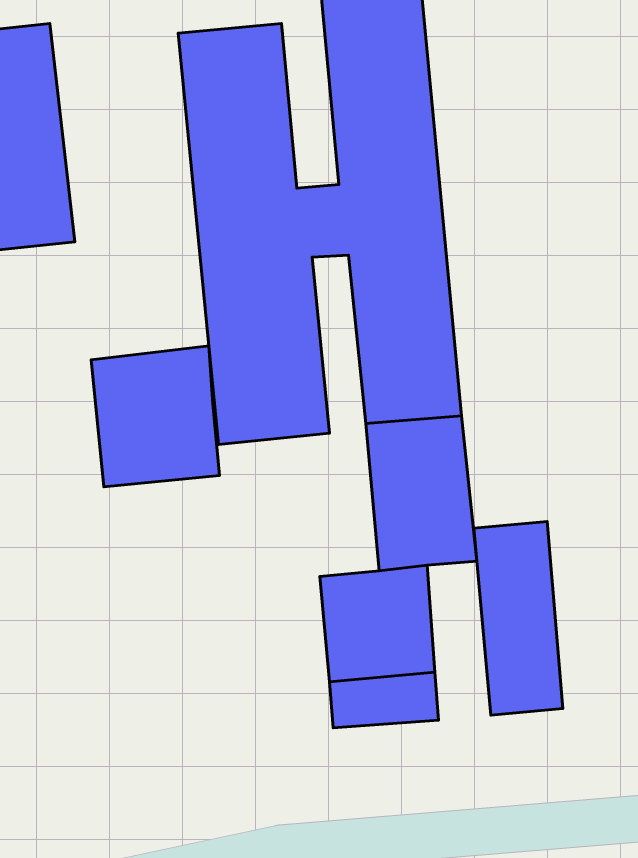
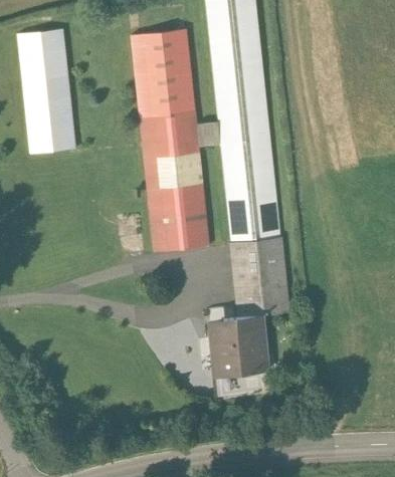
building: [91,346,219,487] -> none
building: [474,522,563,715] -> none

